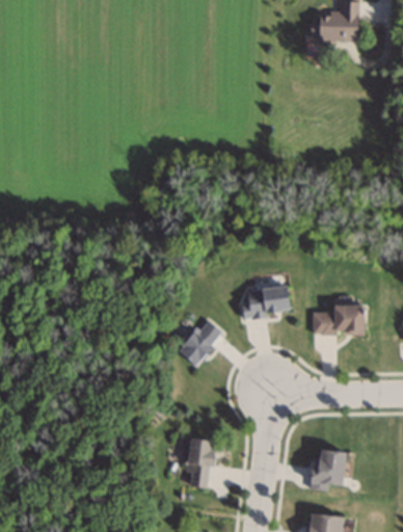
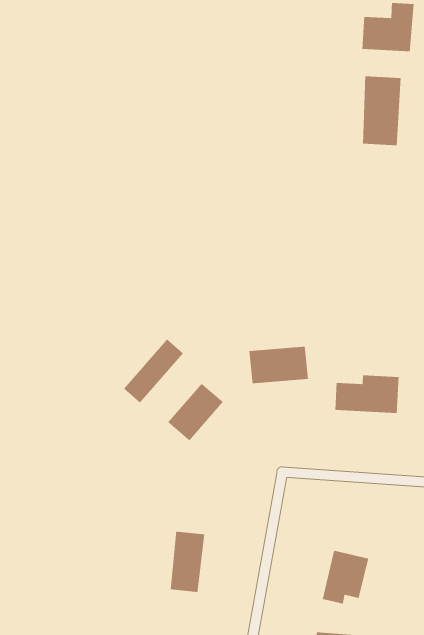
building: none -> [362,75,401,146]
building: none -> [123,339,184,404]

